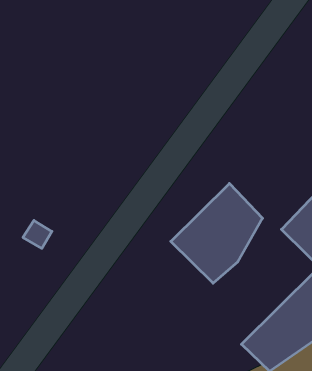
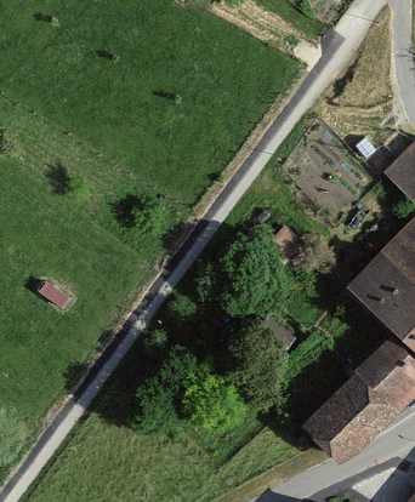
building: [171,183,263,283] -> none

